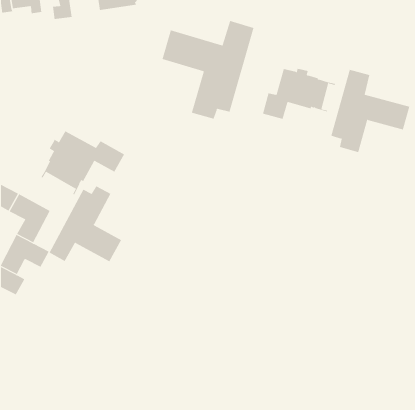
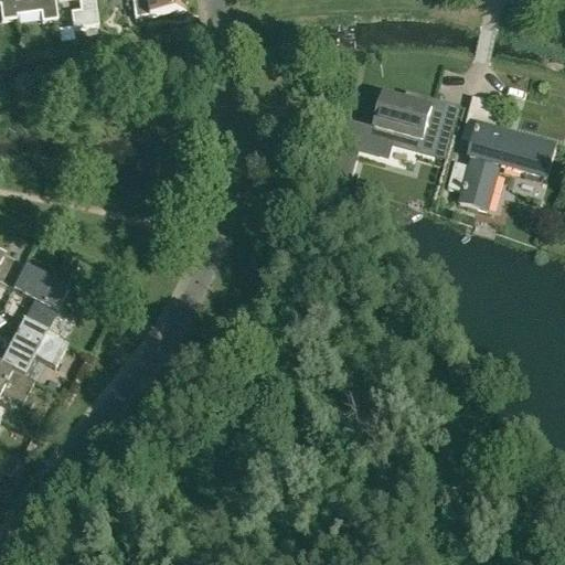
building: [162,20,254,119] -> none
building: [41,130,125,195] -> none
building: [49,186,122,262] -> none

